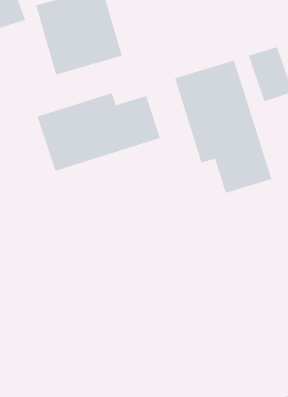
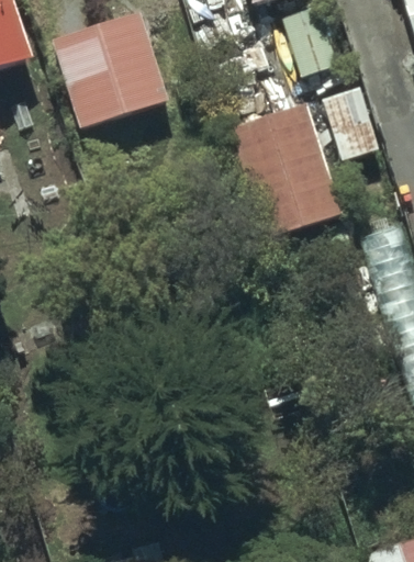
building: [37,92,161,172] -> none

